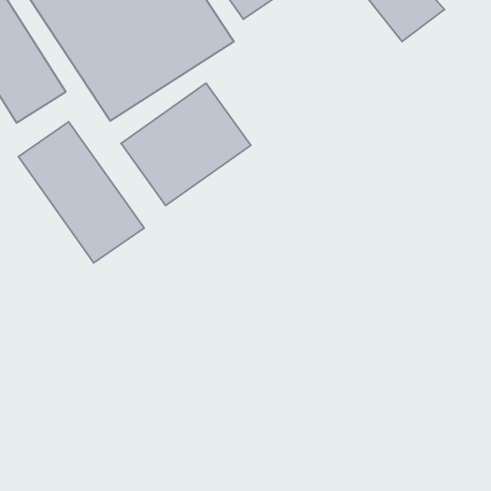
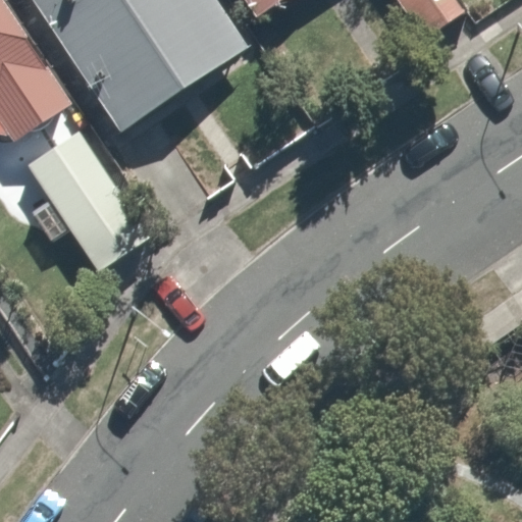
building: [121,83,251,205] -> none

